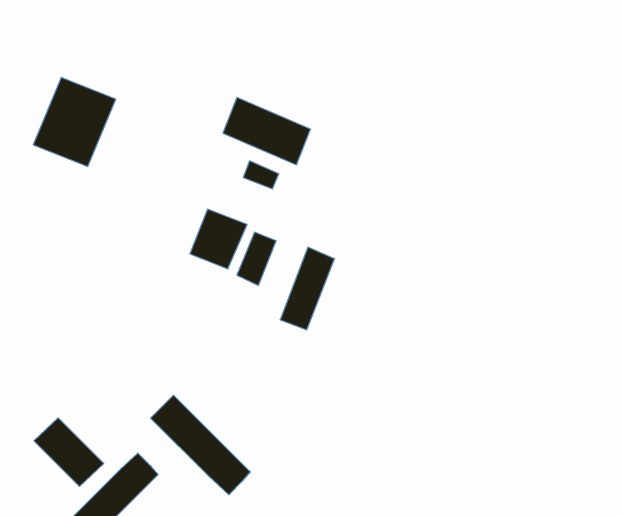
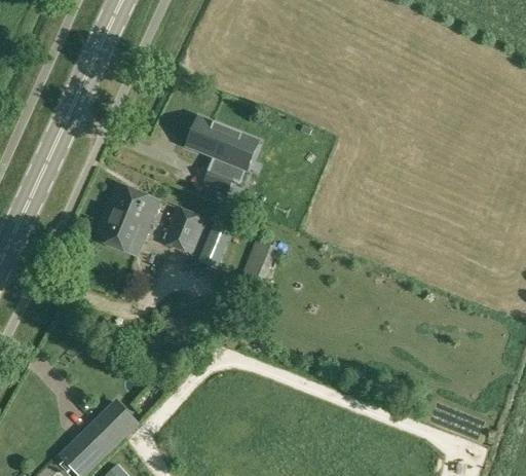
building: [33,78,116,166] -> [92,184,159,256]
building: [151,395,250,495] -> none
building: [34,418,104,486] -> none

